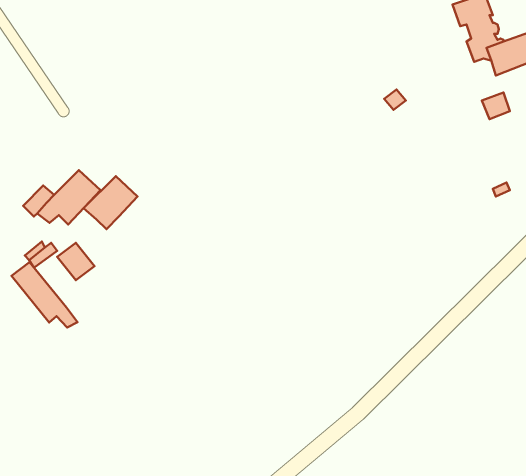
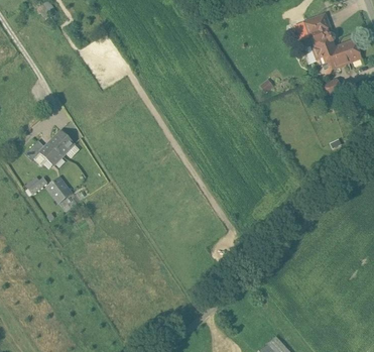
building: [83,176,137,229] -> none
building: [12,262,78,327] -> none

